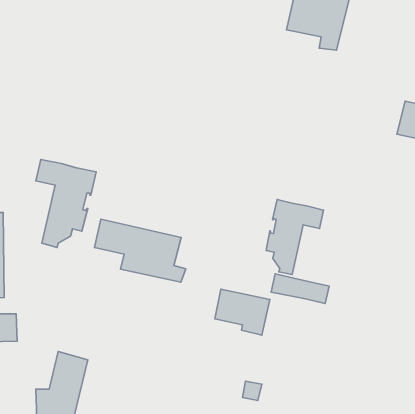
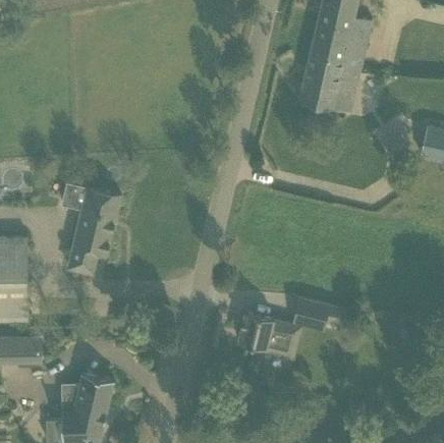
building: none -> [298,54,359,113]
building: [266,200,324,274] -> none
building: [95,219,186,282] -> none

